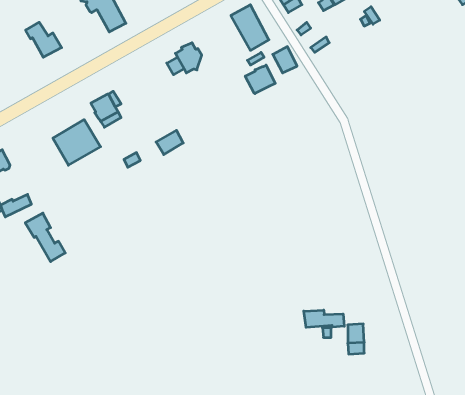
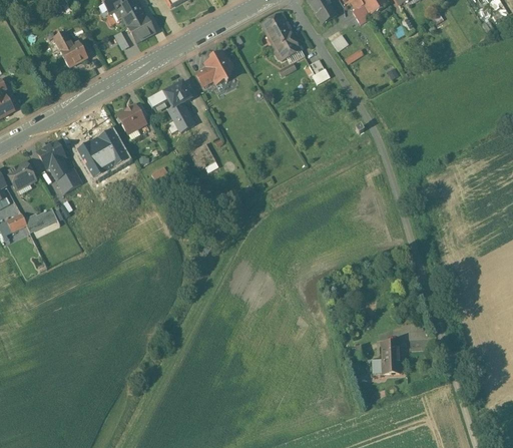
building: [245,65,275,94] -> none
building: none -> [164,82,194,130]
building: [25,213,65,262] -> [38,141,79,191]
building: [304,310,344,327] -> none

